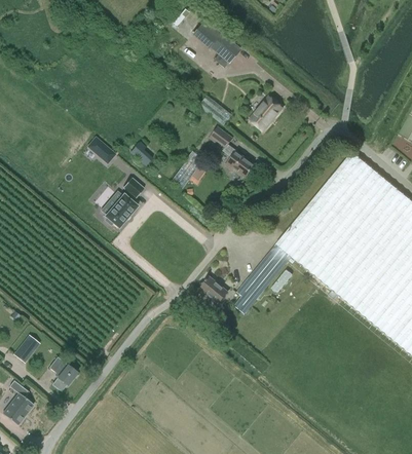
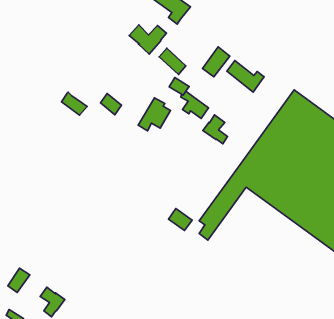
building: none -> [129,25,167,54]
building: none -> [227,61,264,92]
building: none -> [203,115,228,144]
building: [101,178,144,228] -> none

